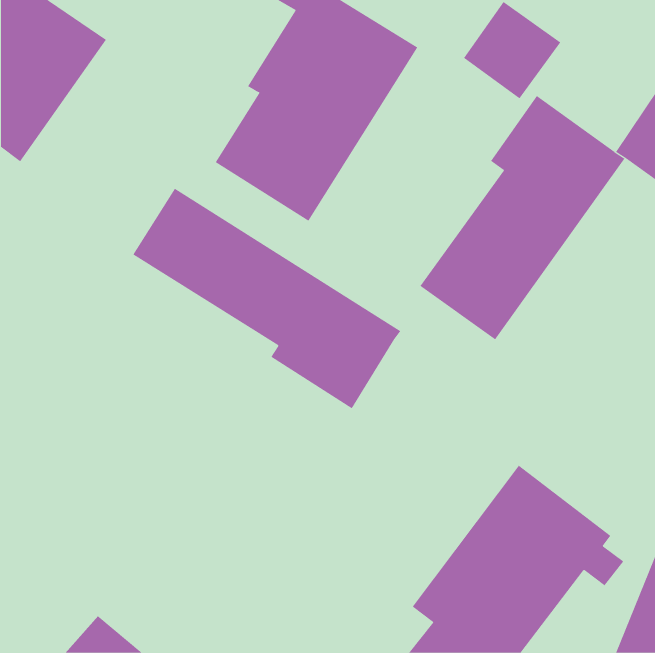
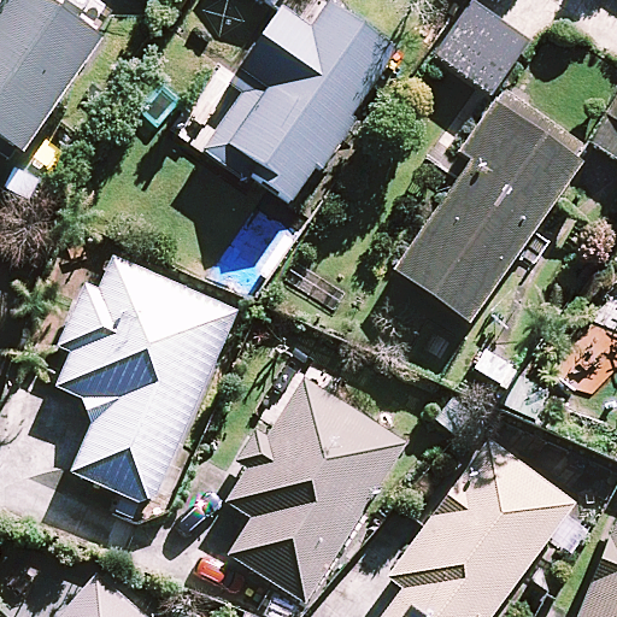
building: [132,188,401,409] -> none
building: none -> [57,251,239,506]
building: none -> [227,378,406,601]

